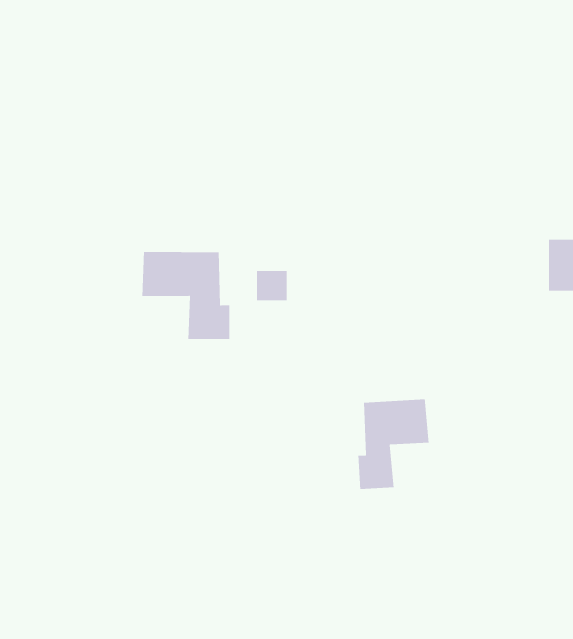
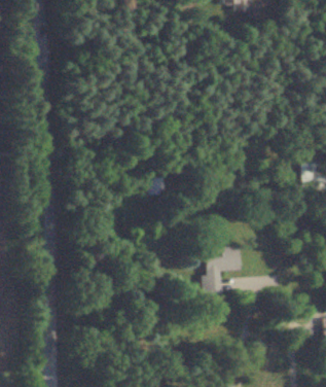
building: [142,251,230,340] -> none

